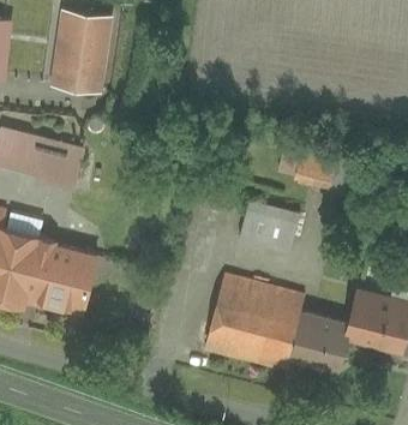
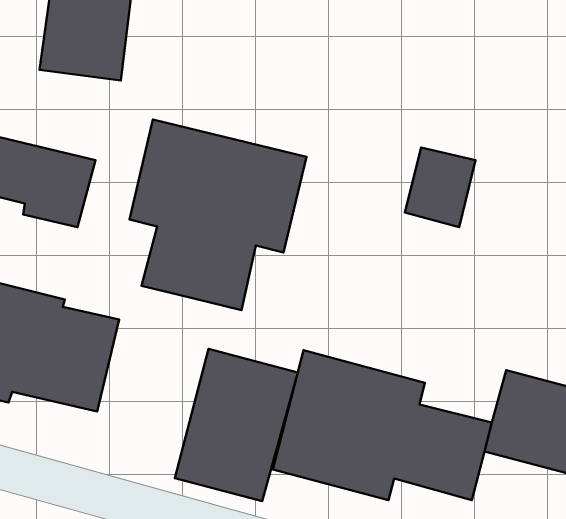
building: none -> [129,119,307,310]
building: [235,199,299,255] -> none
building: none -> [175,349,298,501]

